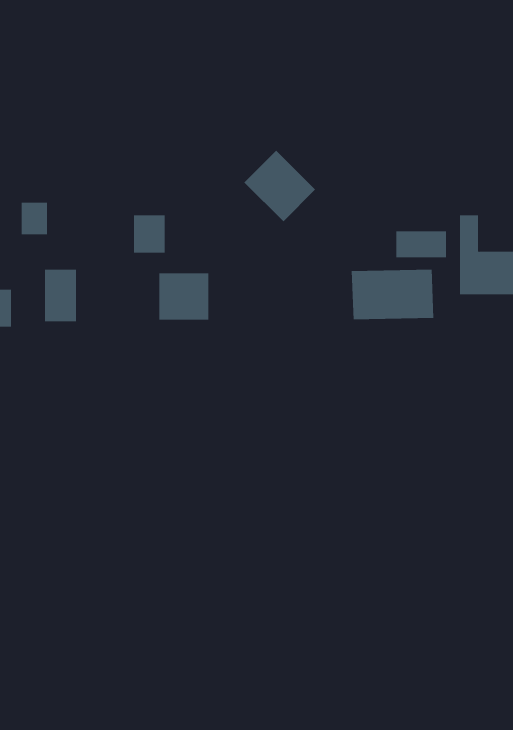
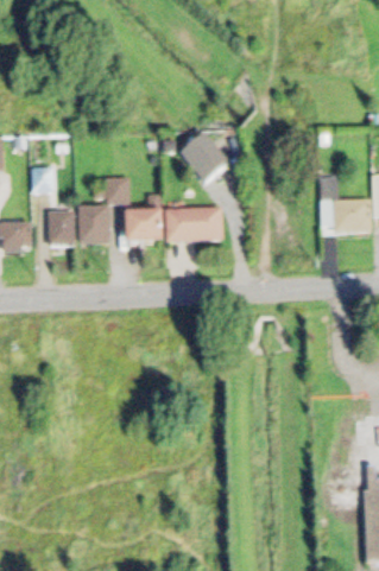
building: [396,231,447,258] -> none
building: none -> [81,204,107,246]
building: [351,269,434,320] -> [166,208,221,241]

